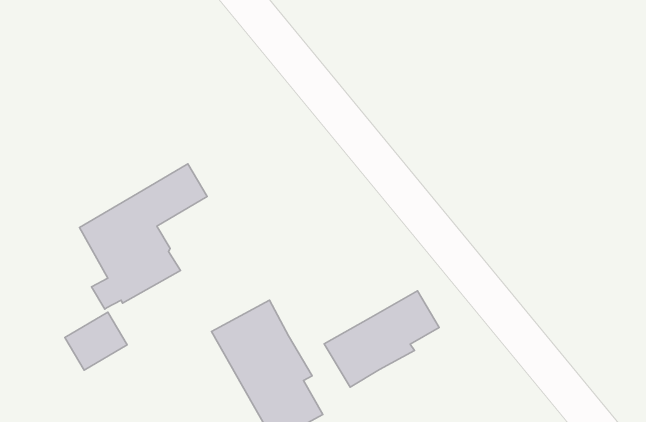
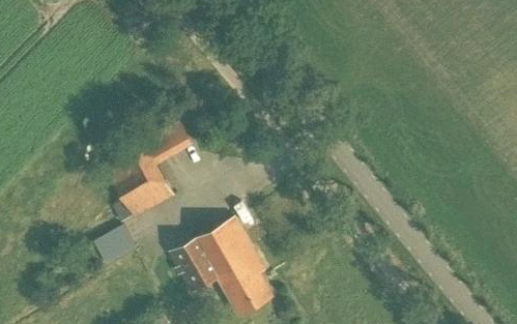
building: [324,291,439,387] -> none
building: none -> [170,238,218,291]

